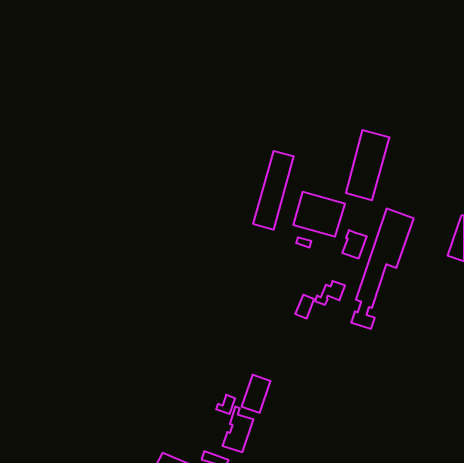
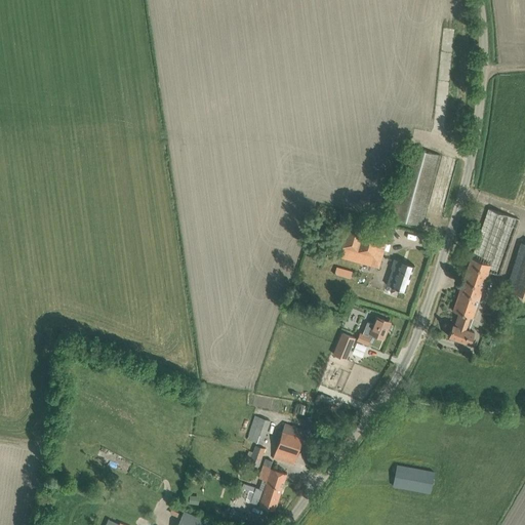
building: [253,151,294,230] -> none
building: [351,209,414,329] -> [448,210,519,346]
building: none -> [247,417,270,446]
building: none -> [393,467,433,494]

